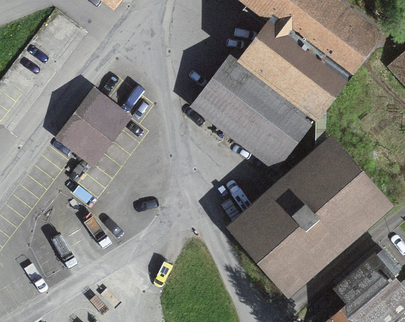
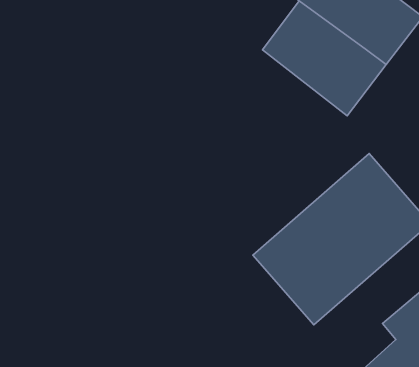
building: [193,52,313,166] -> none
building: [61,93,124,160] -> none

